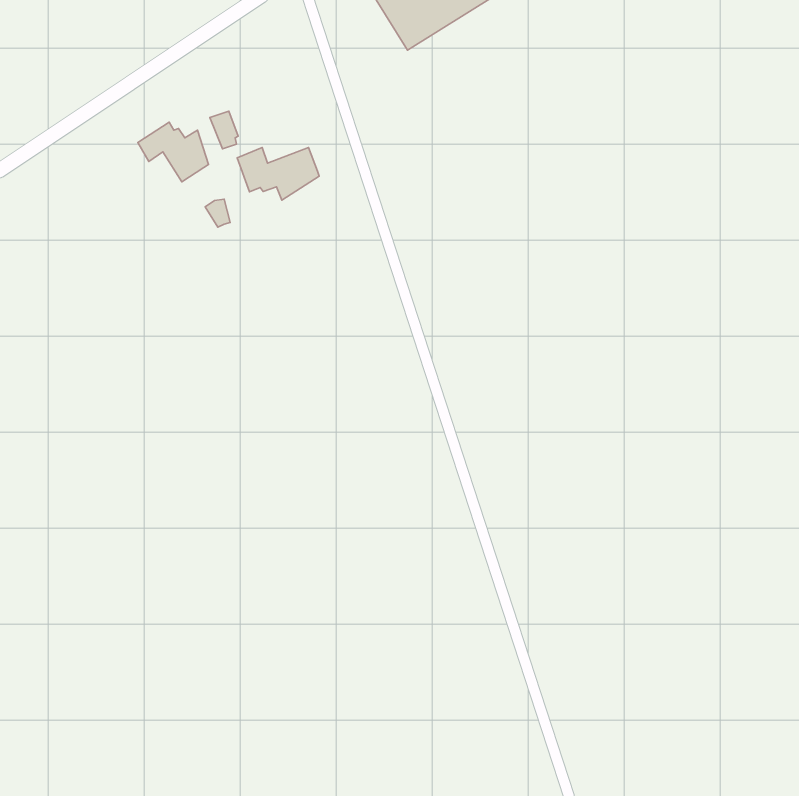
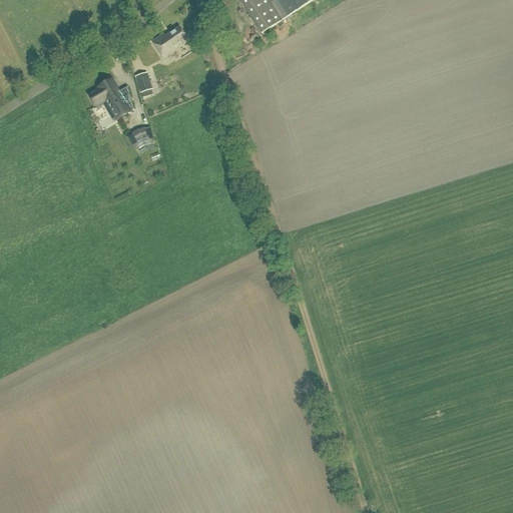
building: none -> [151,25,186,56]
building: [237,147,319,200] -> none

